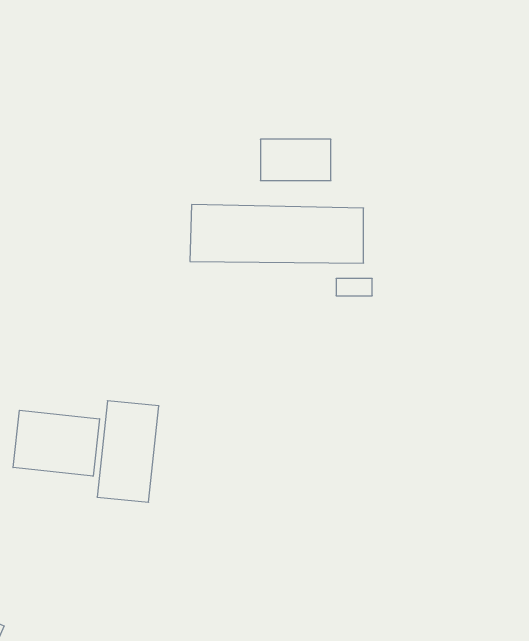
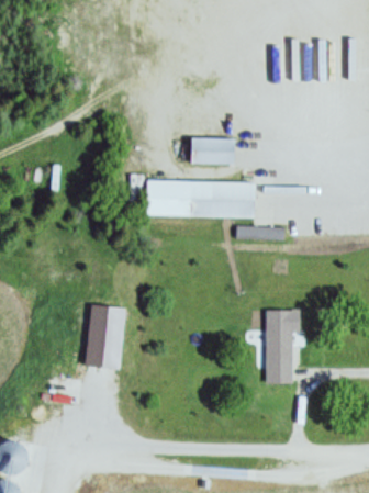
building: [13,410,100,476] -> none
building: none -> [267,311,300,383]

